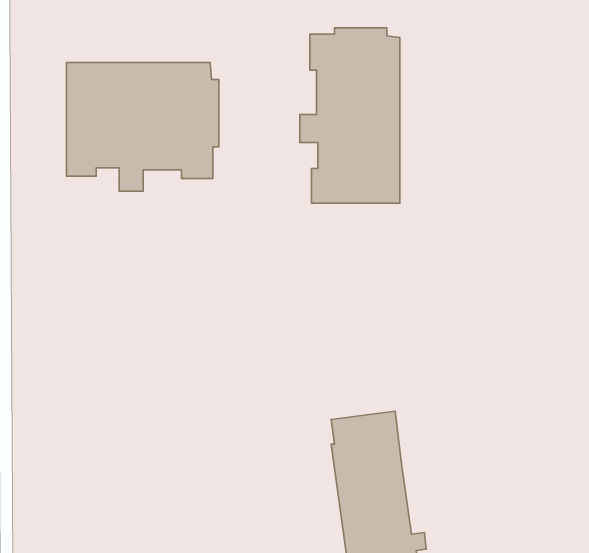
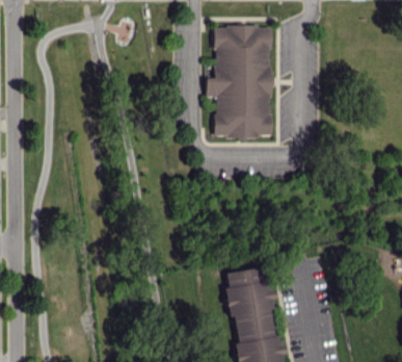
building: [66,63,219,191] -> none

